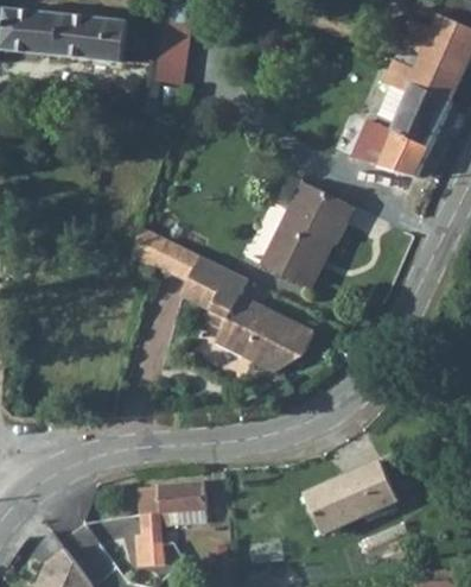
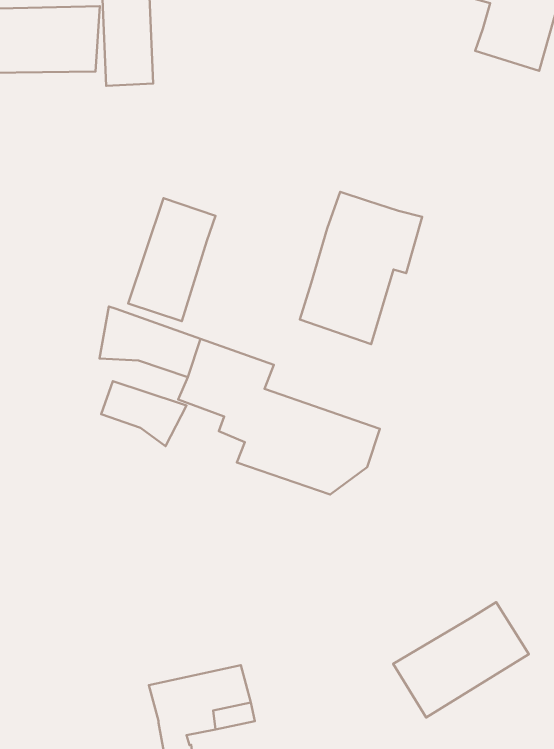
building: [352,59,450,179] -> none
building: none -> [128,198,215,321]
building: none -> [101,381,186,446]

